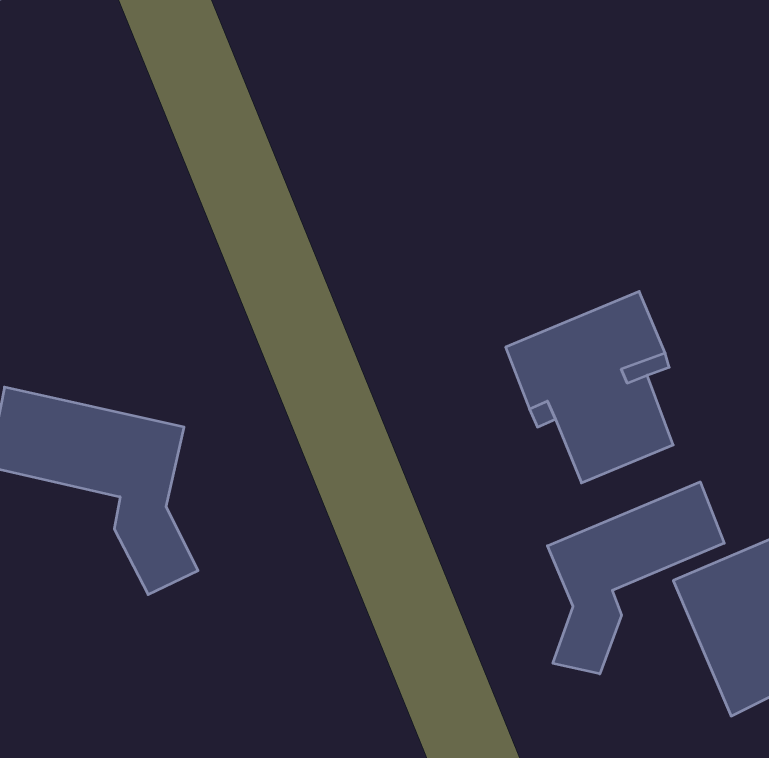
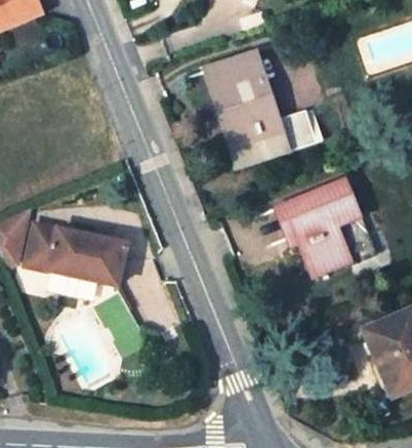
building: none -> [207,51,316,164]
building: [547,482,724,674] -> none

